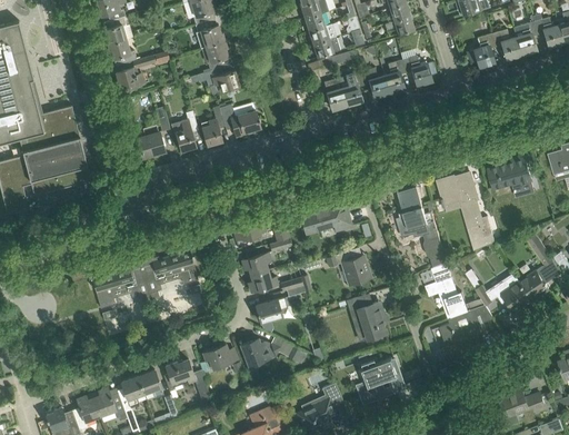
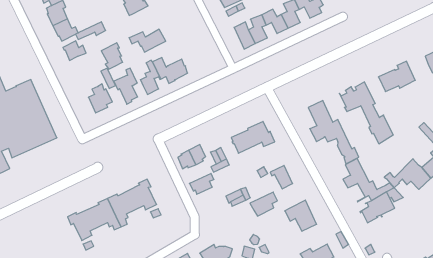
building: [206,40,229,70] -> [101,43,123,69]
building: [248,269,278,293] -> none
building: [254,297,288,323] -> [250,192,277,216]

